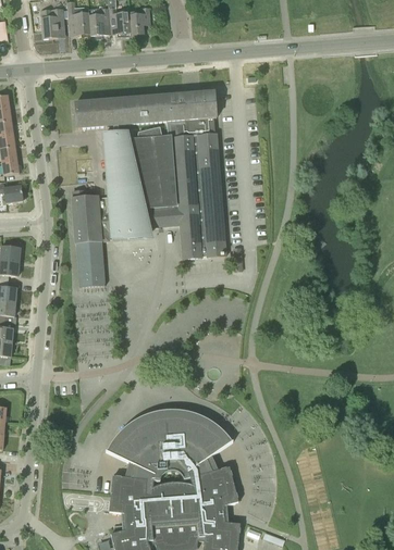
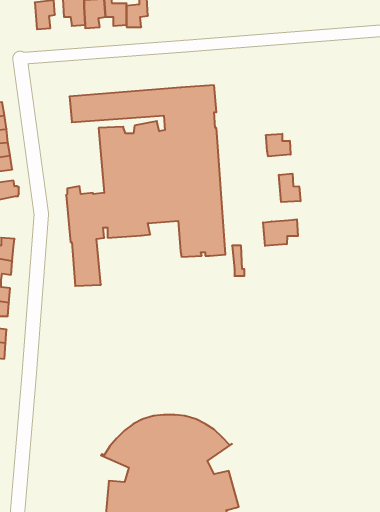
building: none -> [266,134,291,156]
building: none -> [279,174,300,202]
building: none -> [263,219,298,246]

